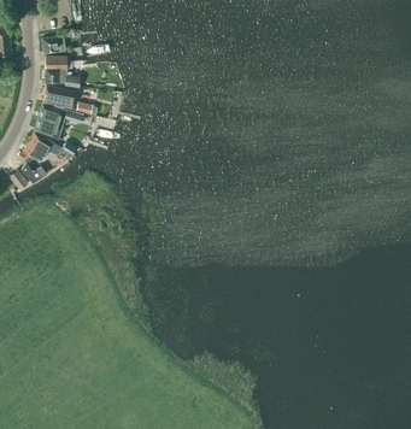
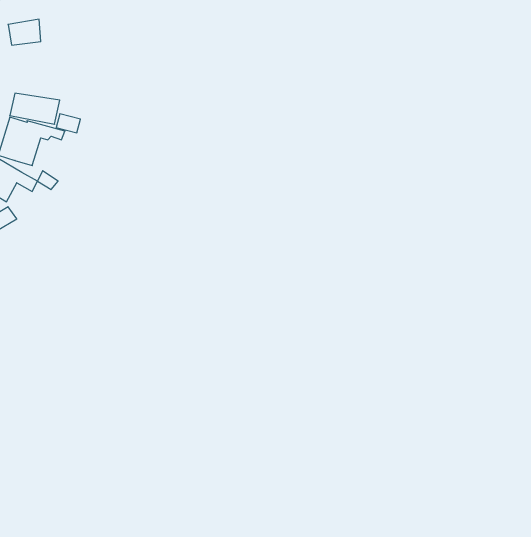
building: [45,57,80,87] -> none

